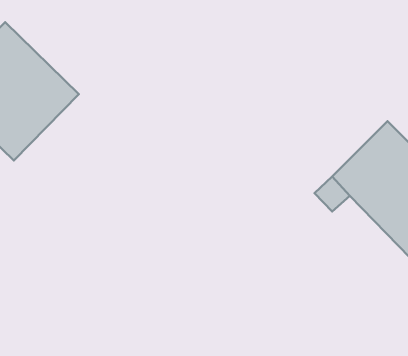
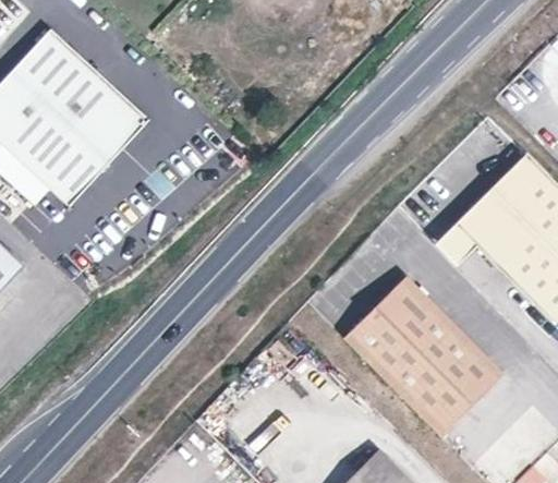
building: none -> [344,277,505,437]

